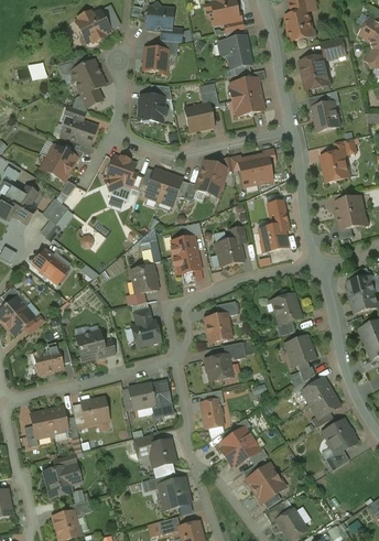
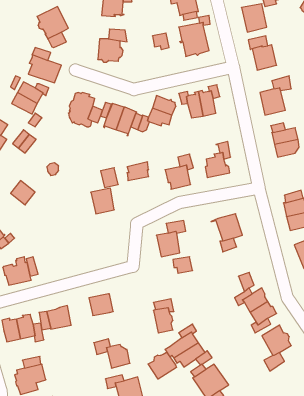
building: [184,104,213,131] -> none
building: [172,251,201,274] -> none
building: [133,309,160,346] -> none
building: [76,329,115,359] -> none
building: [284,335,314,365] -> none
building: [205,354,231,380] -> none
building: [151,380,172,416] -> none
building: none -> [148,352,176,379]

